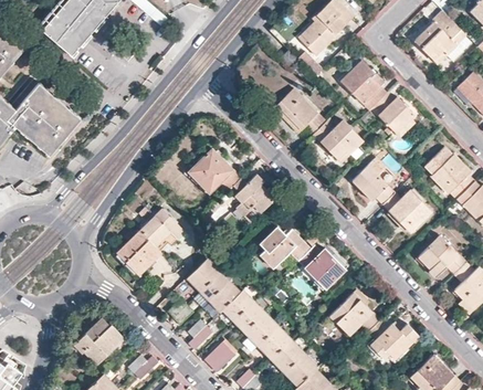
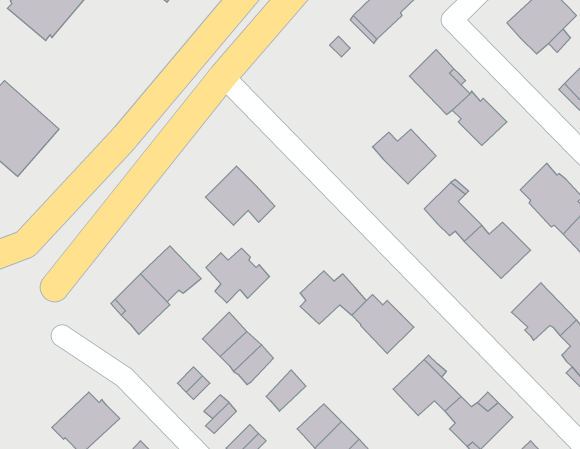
building: [274,88,326,134] -> none
building: [230,175,277,215] -> [206,248,270,303]
building: [223,289,253,320] -> none
building: [244,313,277,345] -> none

